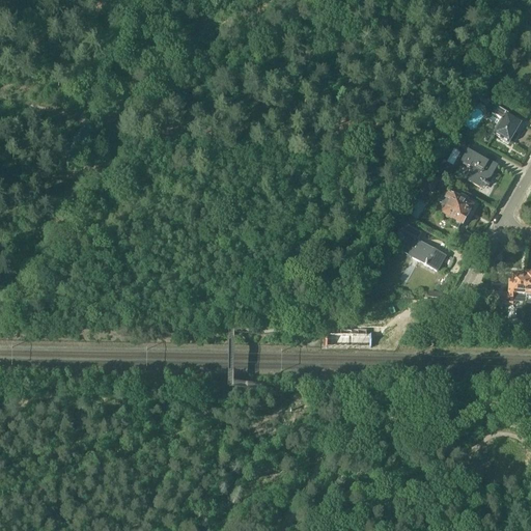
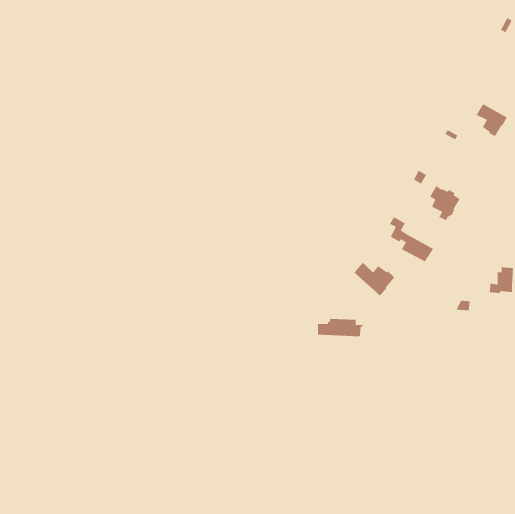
building: [463,149,497,186] -> none
building: none -> [353,262,395,296]

